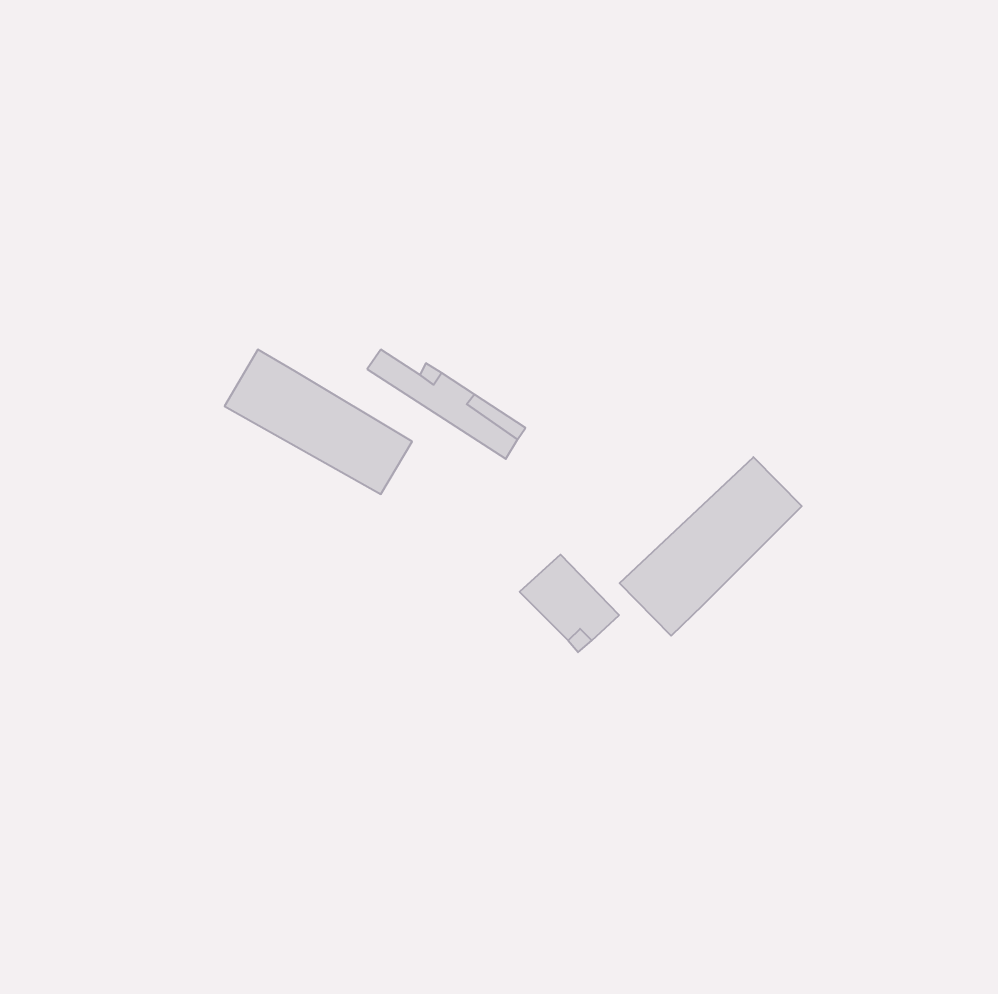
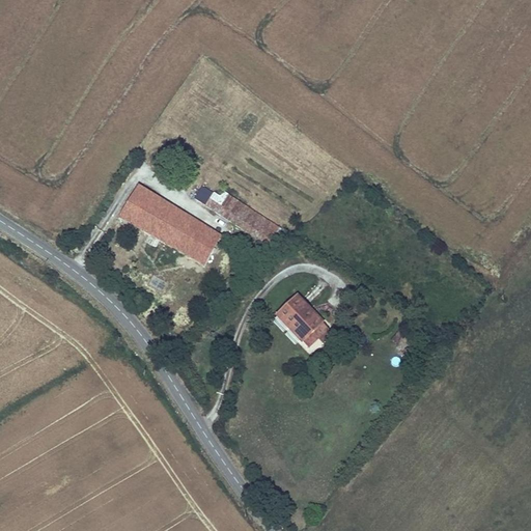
building: [620,457,802,636] -> none

